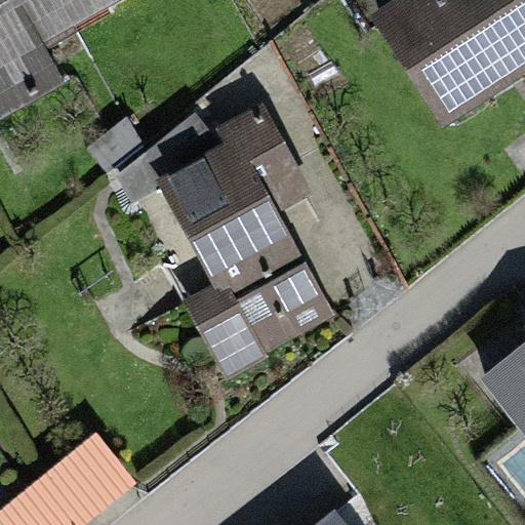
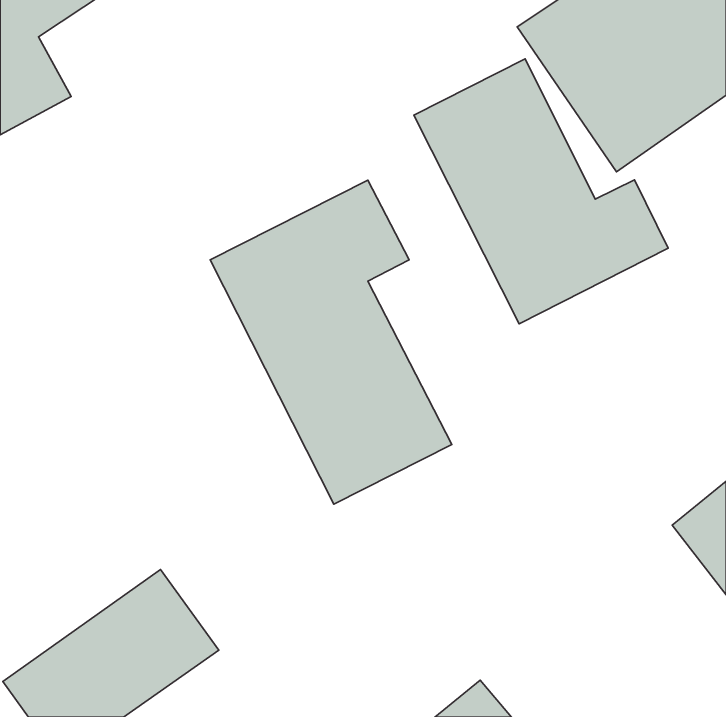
building: none -> [414,59,668,324]

